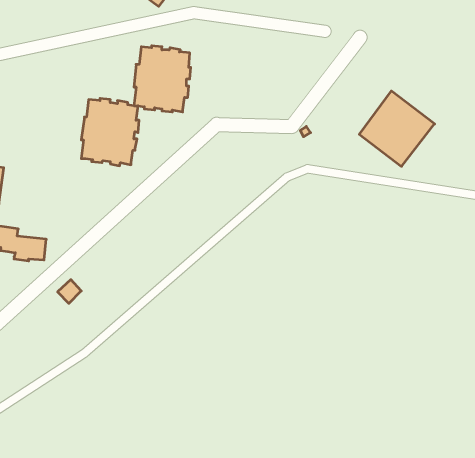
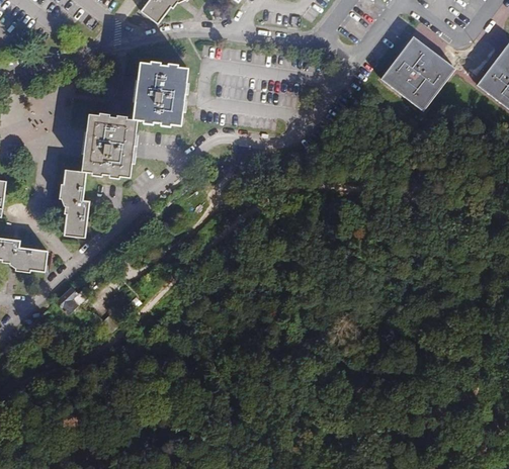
building: [359,91,435,166] -> [380,35,454,109]
building: none -> [59,169,89,237]

